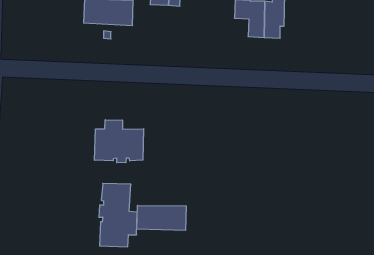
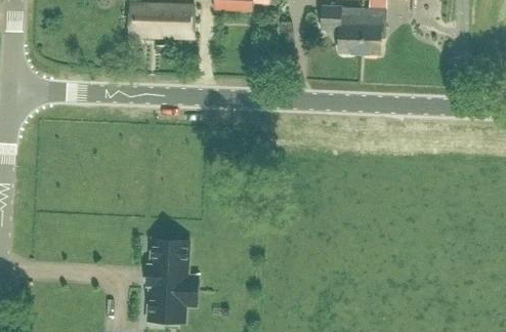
building: [95,120,144,163] -> none
building: [137,205,186,230] -> none

